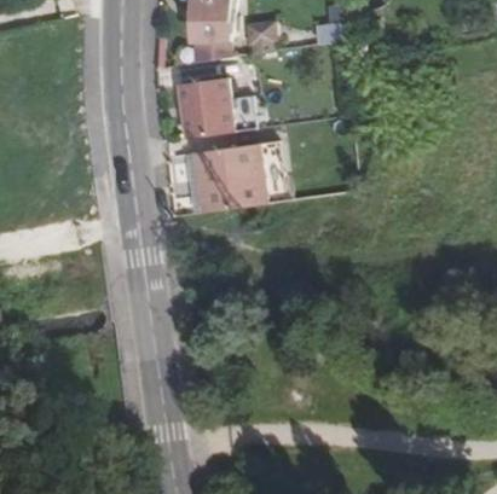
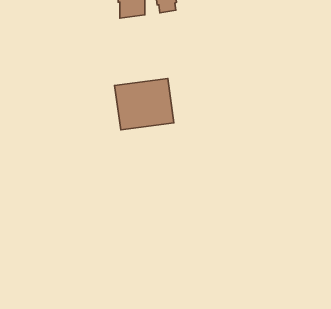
building: [177,79,253,139] -> none

